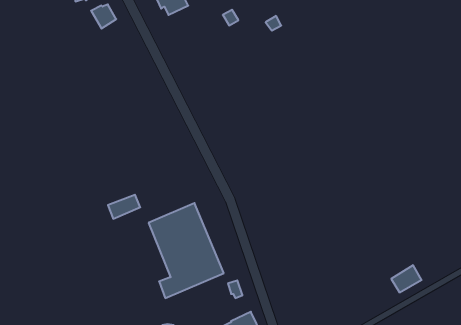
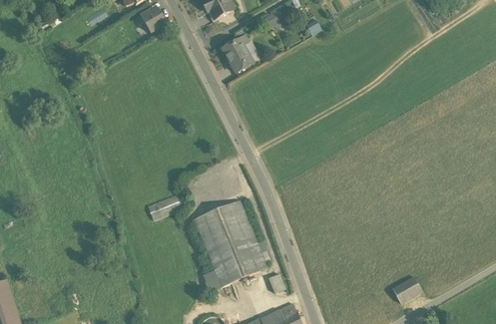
building: none -> [222,36,251,72]
building: [391,265,422,292] -> [392,276,421,302]

